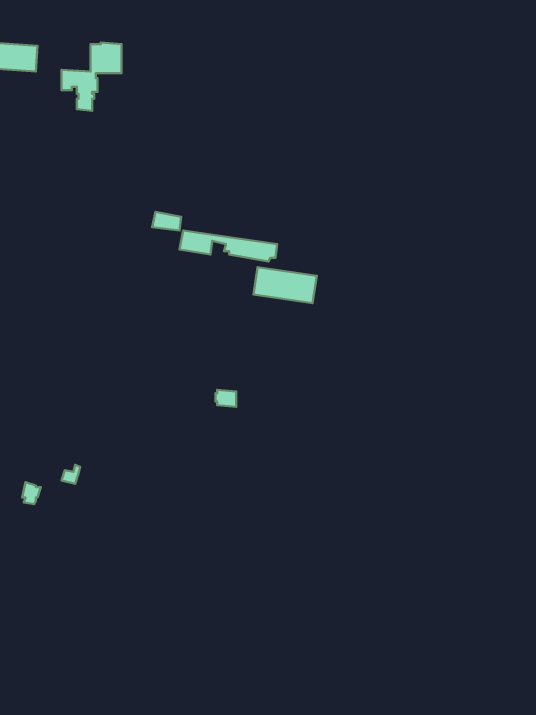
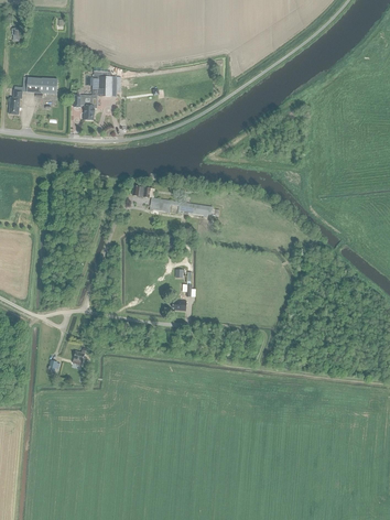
building: [253,267,317,303] -> none

